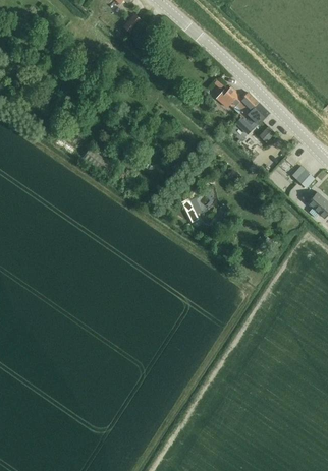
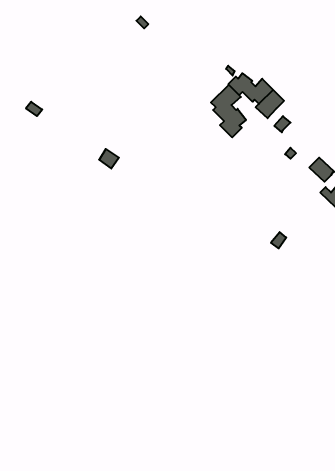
building: none -> [211,85,246,137]

